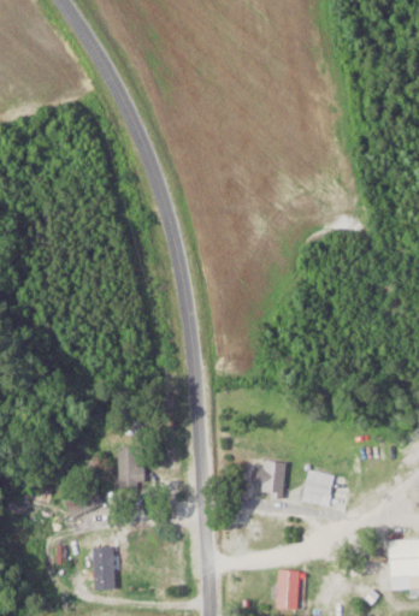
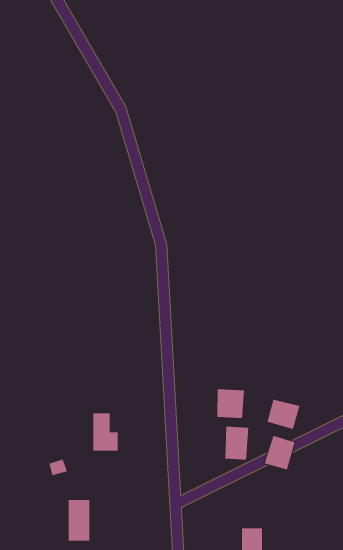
building: none -> [217,389,244,419]
building: none -> [267,399,300,430]

